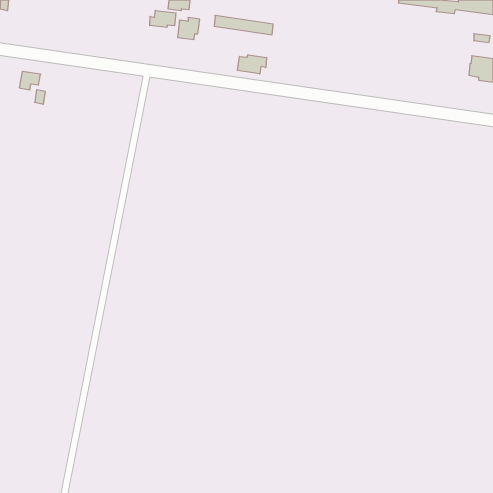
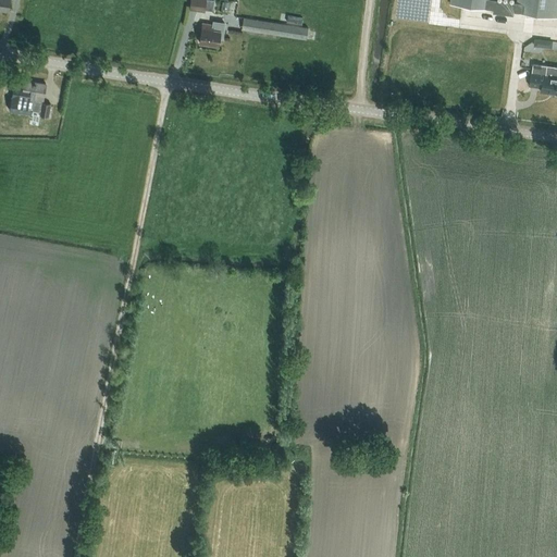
building: [150,10,176,27] -> none
building: [237,55,267,74] -> none

